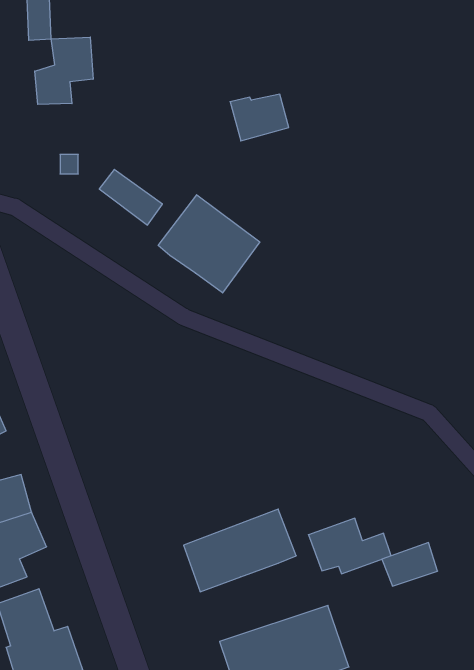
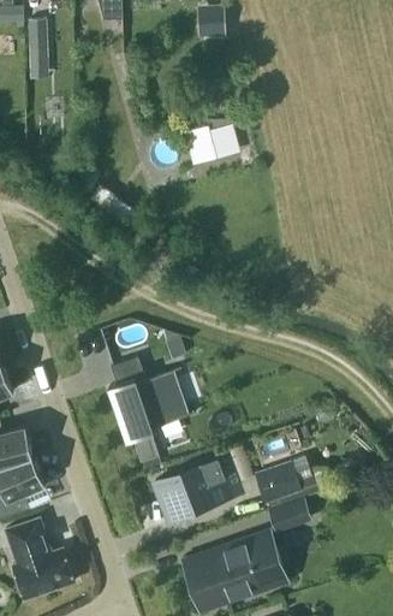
building: [35,37,93,104] -> none
building: [158,195,260,293] -> none
building: none -> [108,357,195,463]
building: [382,543,438,586] -> [267,498,311,533]

